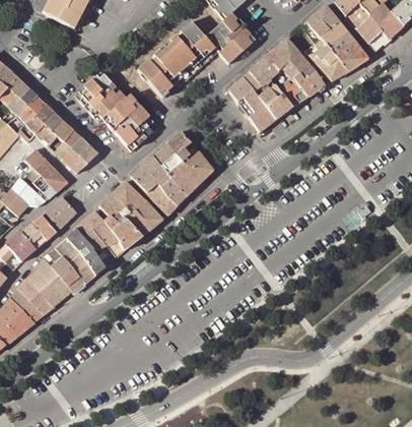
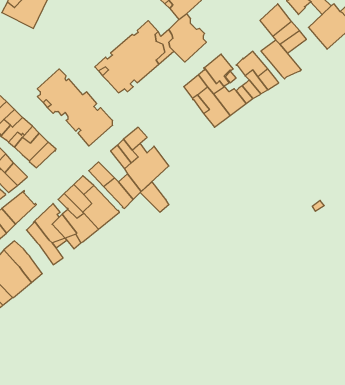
building: [267,39,299,71] -> none
building: [335,41,368,71] -> none
building: [141,156,170,187] -> [140,182,169,212]
building: [55,237,94,282] -> none

